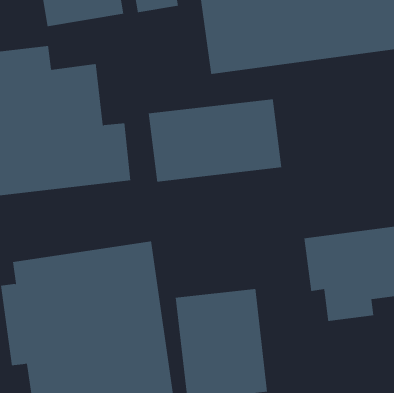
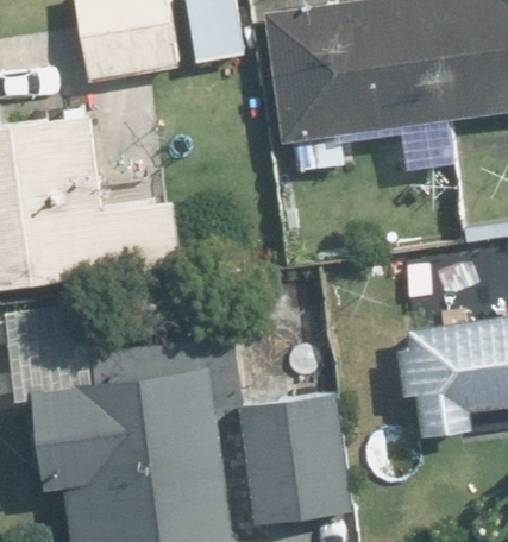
building: [148,98,282,182] -> none

